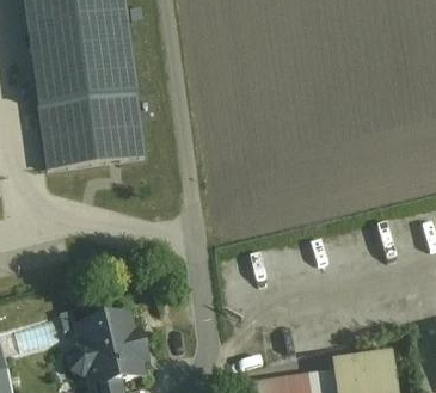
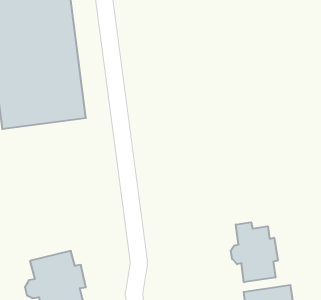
building: none -> [231,222,278,282]

